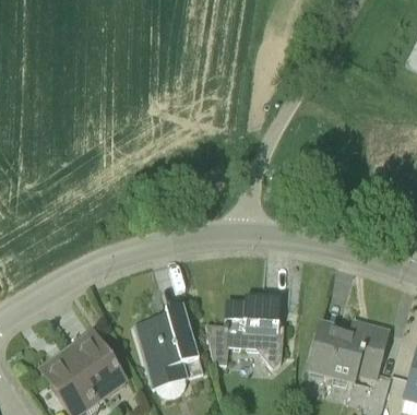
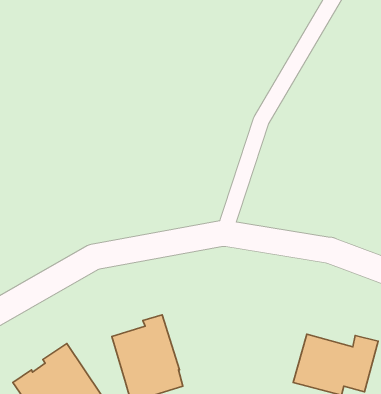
building: [206,296,284,369] -> none

